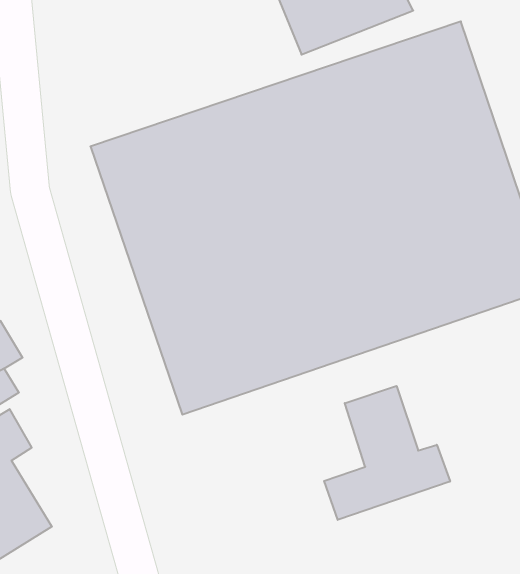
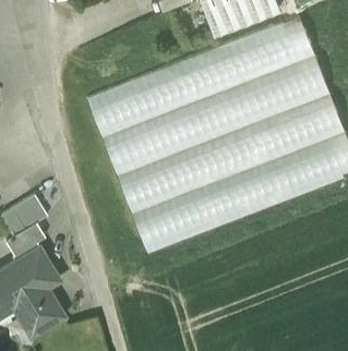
building: [324,386,450,520] -> none

